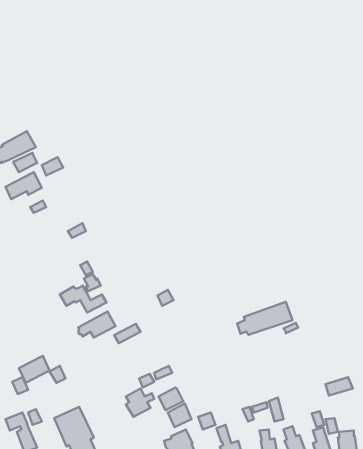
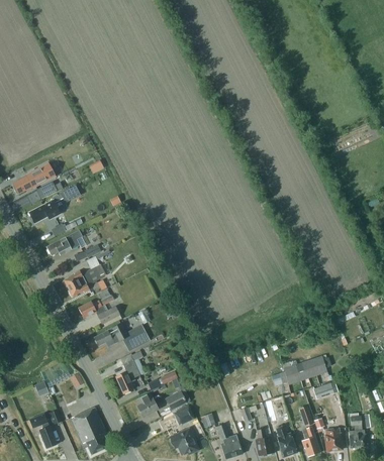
building: none -> [45,230,81,255]
building: none -> [63,256,99,296]
building: [237,302,293,335] -> [279,355,328,384]
building: none -> [115,351,145,392]

